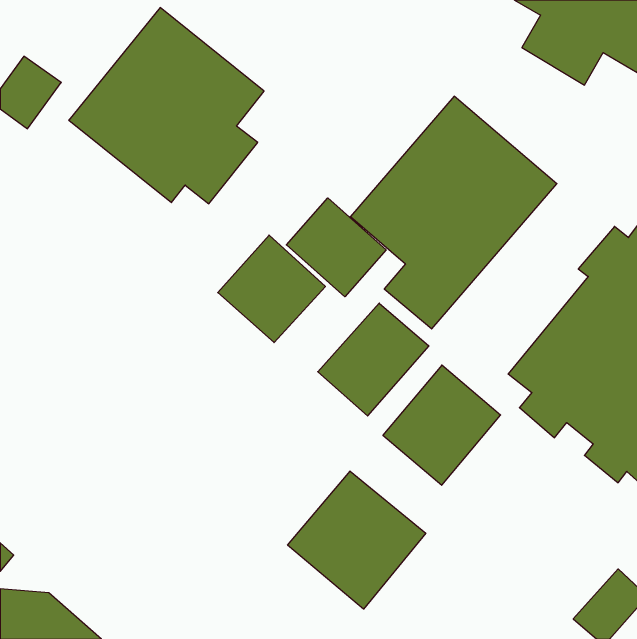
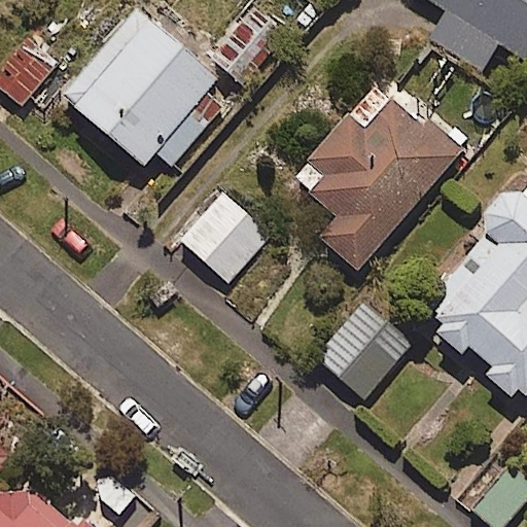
building: [286,198,386,297] -> none
building: [318,303,429,416] -> none
building: [288,471,426,609] -> none

